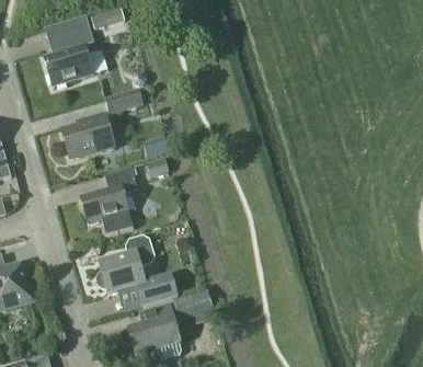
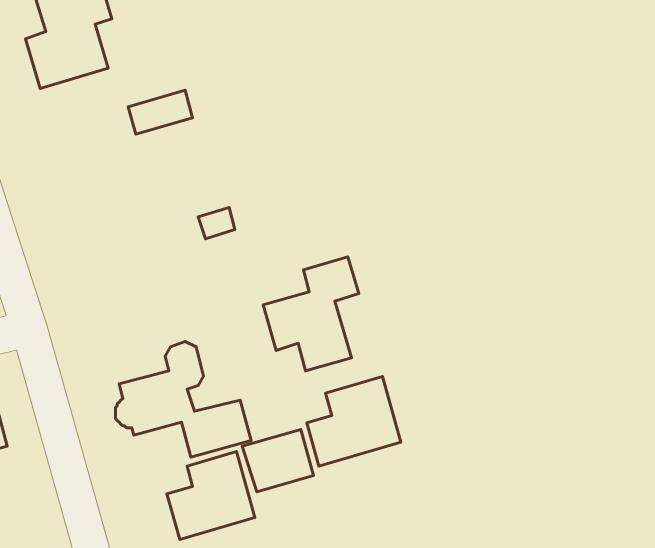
building: [60,112,114,158] -> none
building: [80,167,137,234] -> [263,257,359,371]
building: none -> [307,377,401,466]

